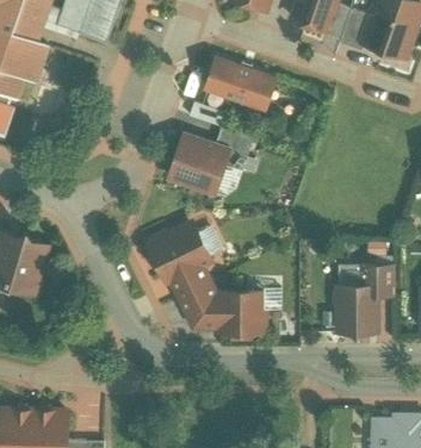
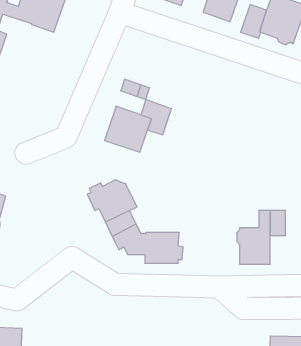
building: [206,58,274,107] -> none

